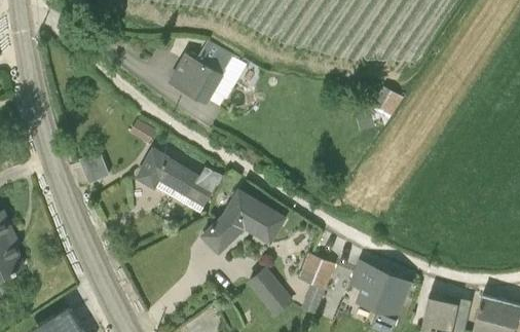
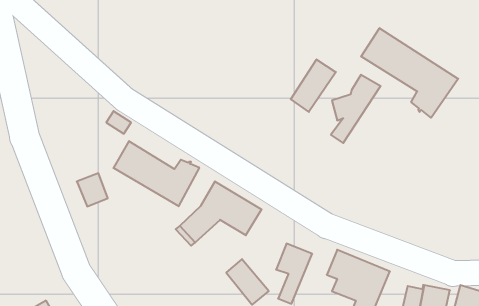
building: none -> [361,28,458,118]
building: [170,39,246,101] -> none
building: none -> [291,59,336,112]
building: [78,152,109,185] -> [77,173,108,206]

